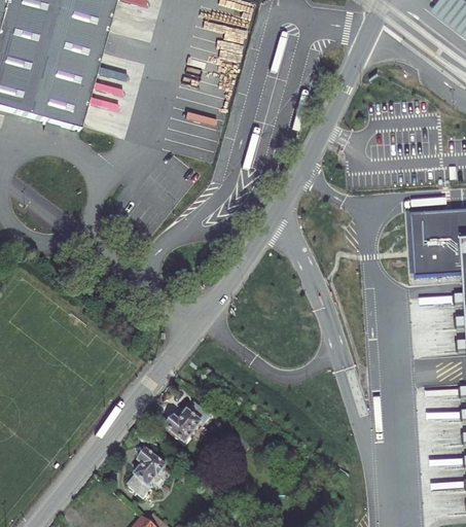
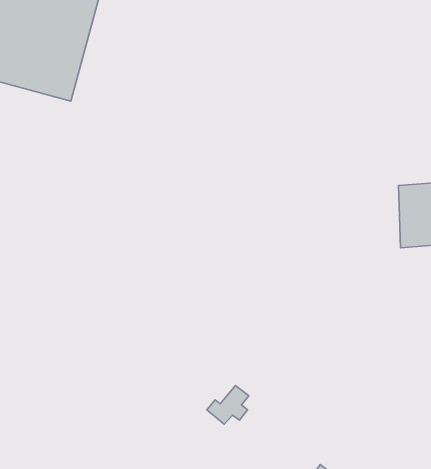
building: [166,399,208,438] -> [207,386,249,424]
building: [128,448,165,492] -> none

